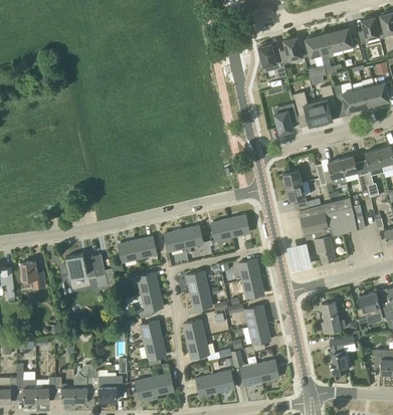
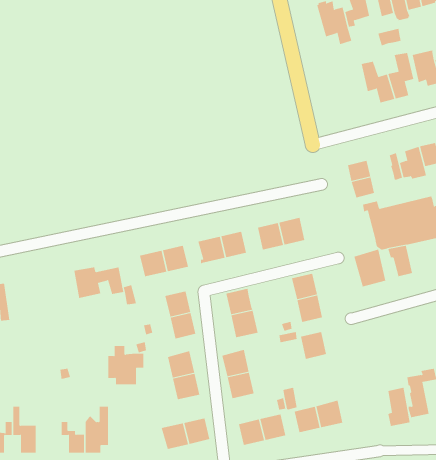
building: [274,103,299,135] -> none
building: [20,261,45,289] -> none
building: [322,301,340,333] -> [388,387,410,426]
building: [243,324,270,345] -> none
building: [93,370,123,401] -> [108,345,144,385]
building: [36,377,55,402] -> none

